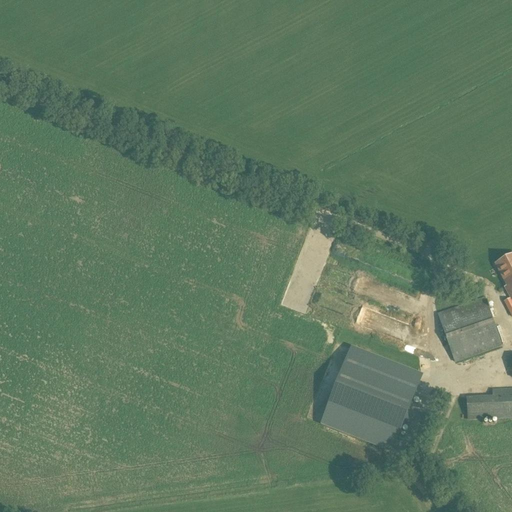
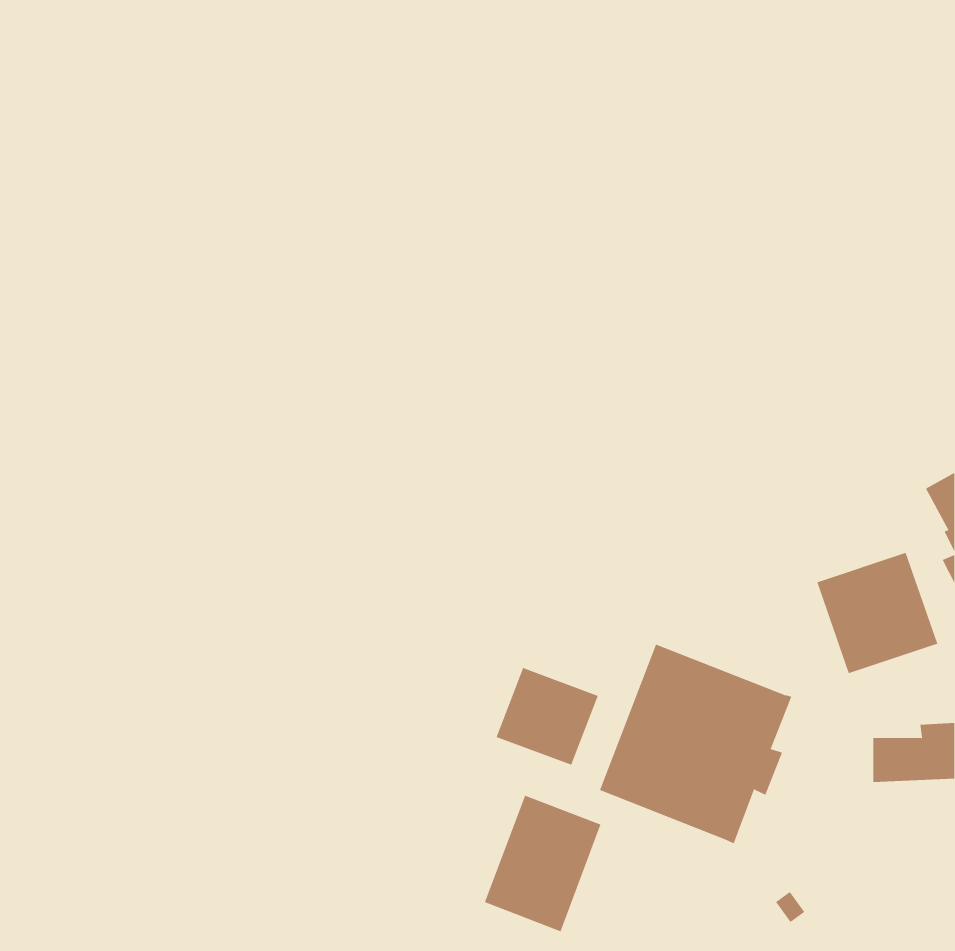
building: none -> [496,667,598,766]
building: none -> [484,795,601,932]

